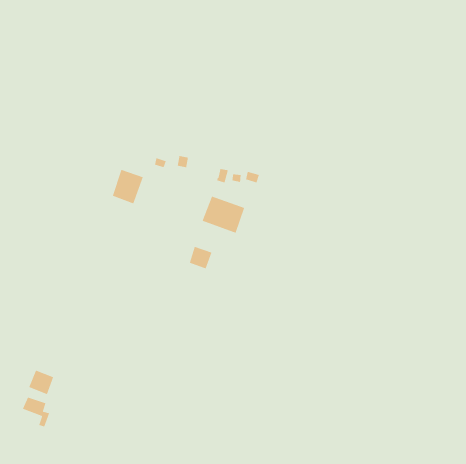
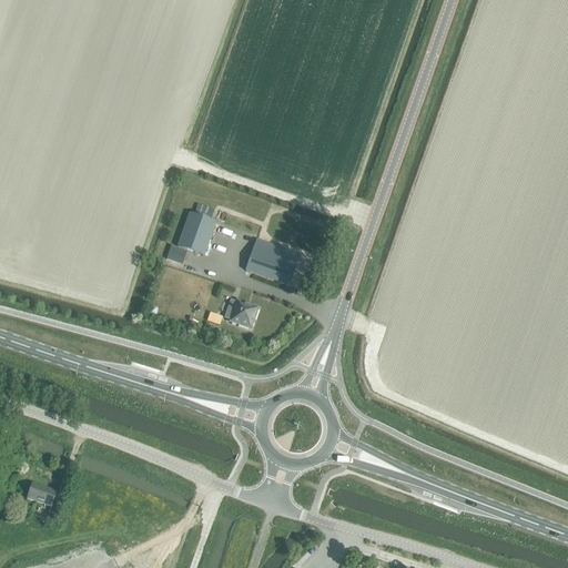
building: [112,169,144,204] -> [178,211,216,254]
building: [28,370,54,395] -> none

